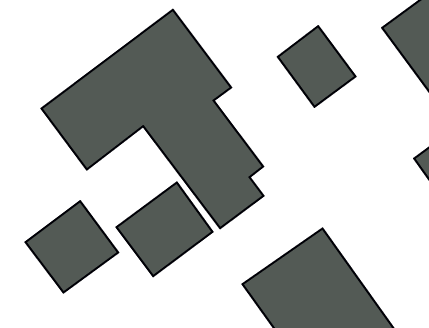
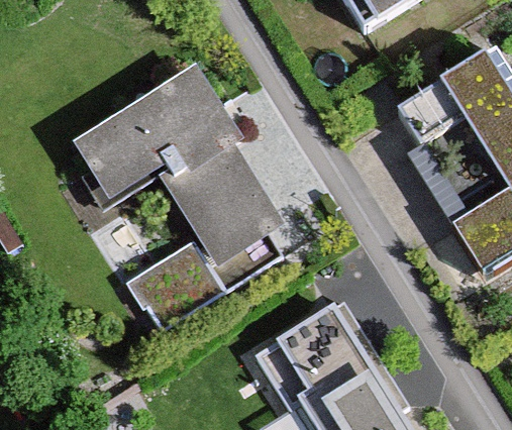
building: [278,26,355,107] -> none
building: [26,201,118,293] -> none

